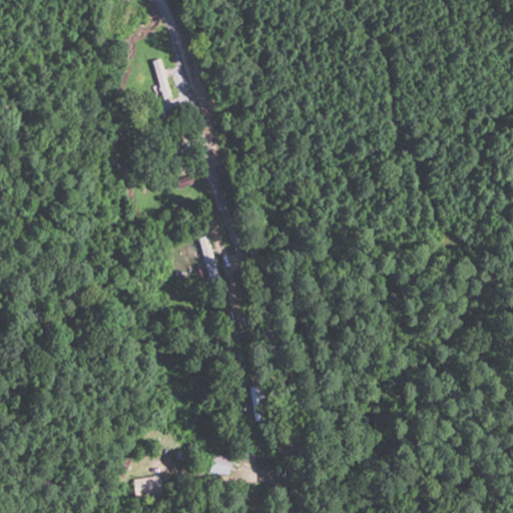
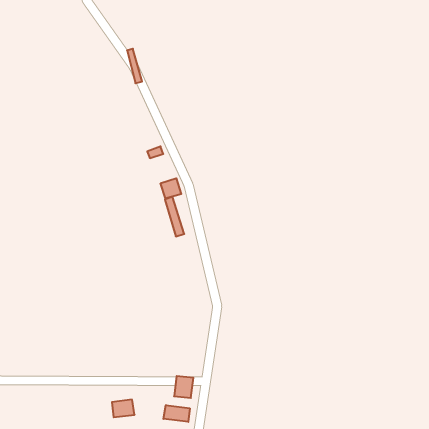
building: none -> [161,178,181,199]
building: none -> [163,405,190,422]

